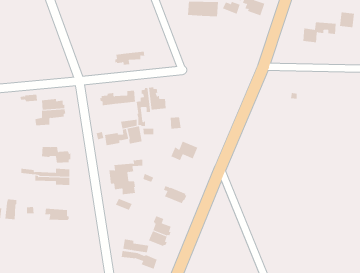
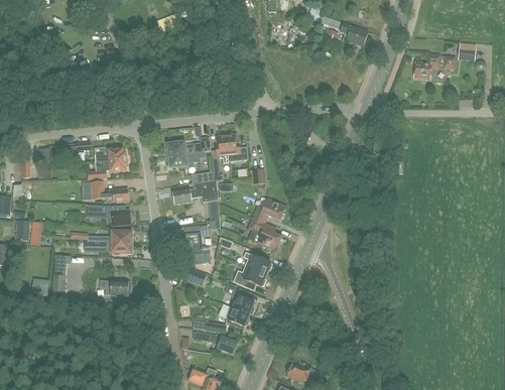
building: [115,51,145,65] -> [167,151,205,168]
building: none -> [89,180,128,201]
building: none -> [248,217,281,250]
building: none -> [232,265,266,290]

